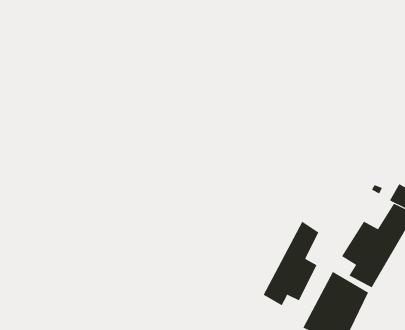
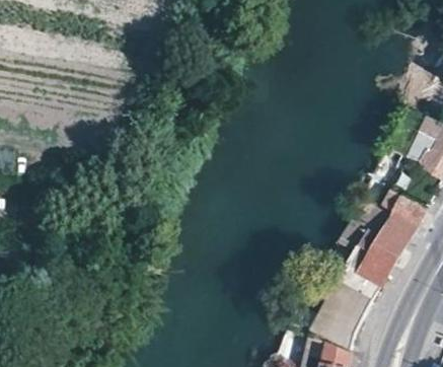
building: [263,221,319,306] -> none

